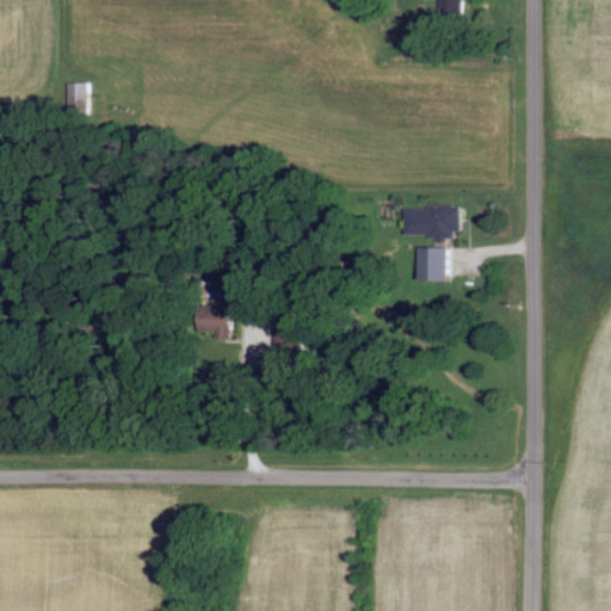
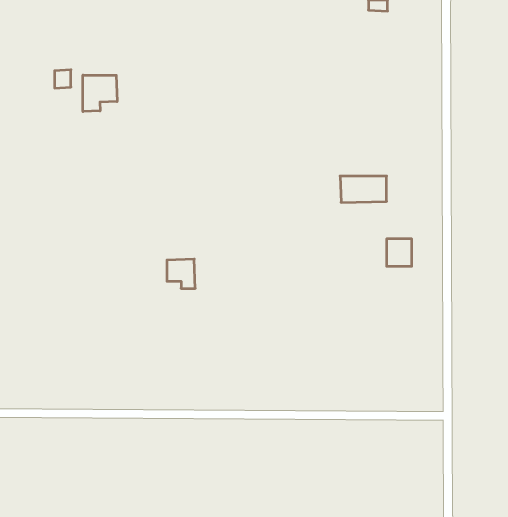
building: none -> [83,75,117,112]
building: [415,248,445,280] -> [387,239,412,266]

